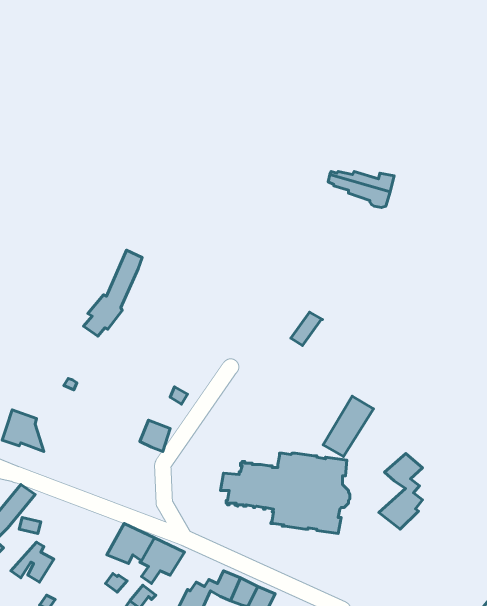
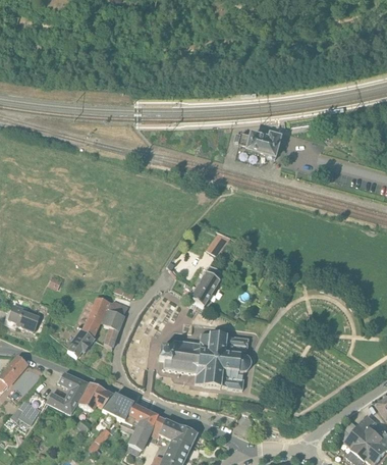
building: [83,250,142,336] -> [67,296,109,357]
building: [323,396,374,456] -> [189,264,225,307]
building: [379,453,422,529] -> none
building: none -> [47,372,88,412]
building: none -> [122,403,161,430]

